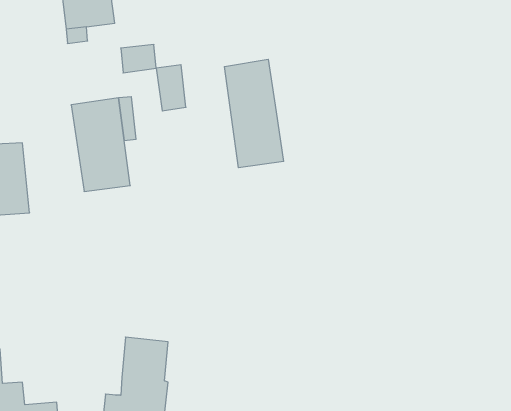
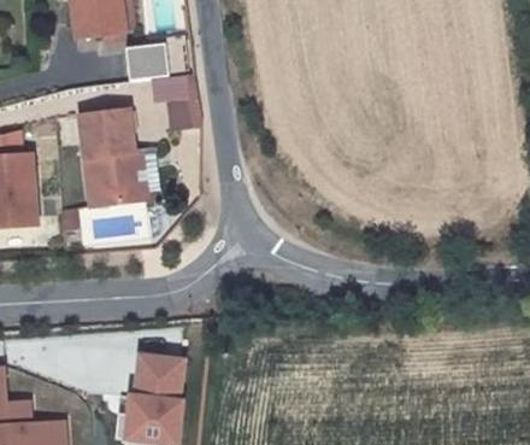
building: [224,59,284,168] -> none

